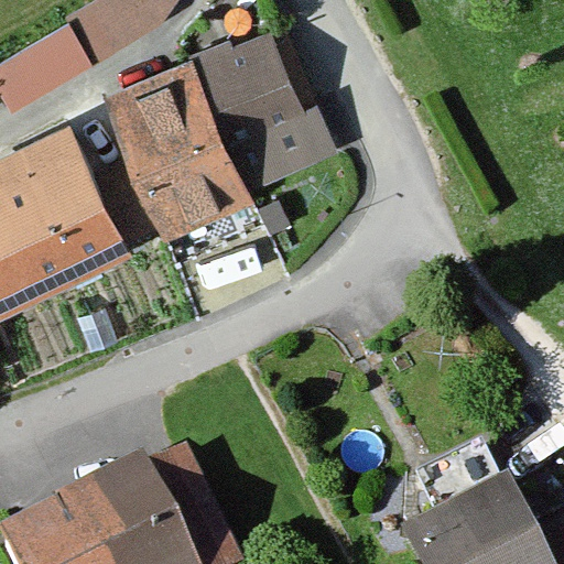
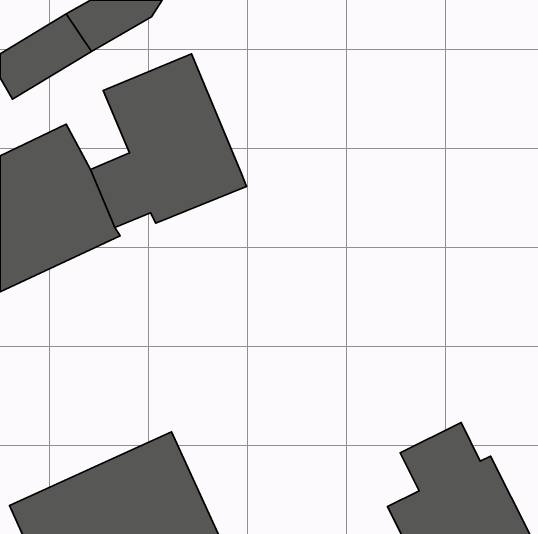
building: [200,24,334,185] -> none

